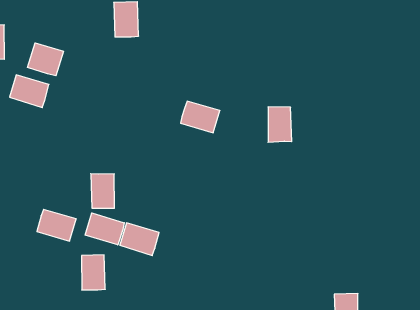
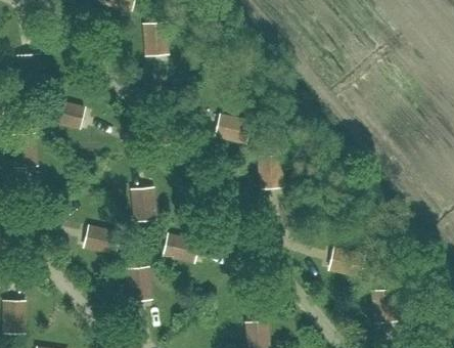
building: [28,43,63,76] -> none
building: [268,107,292,142] -> [258,156,282,190]
building: [85,213,124,245] -> none
building: none -> [327,247,364,276]

